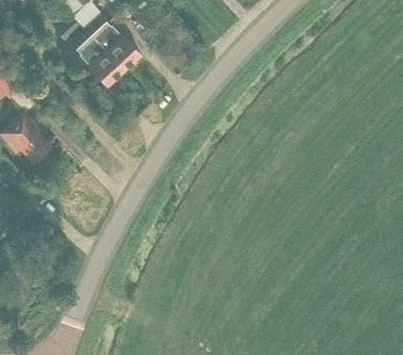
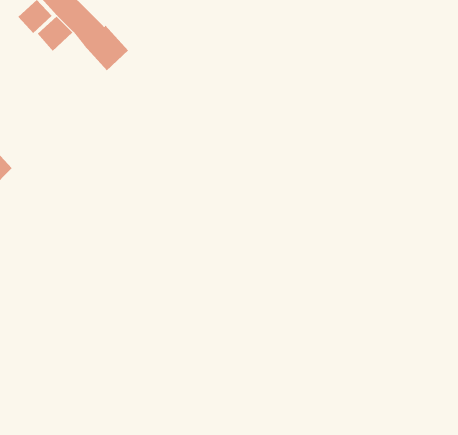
building: [80,40,123,86] -> none

